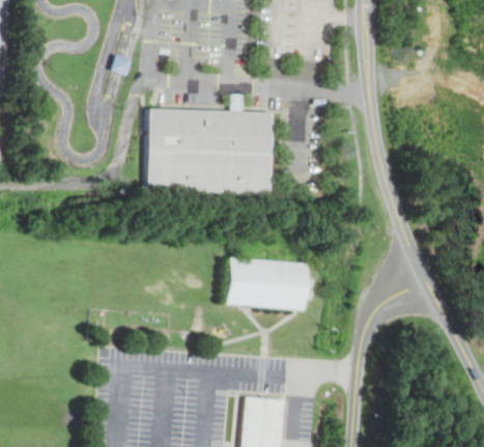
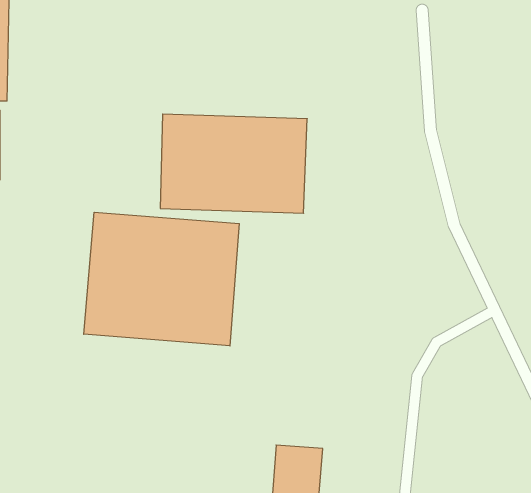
building: none -> [84,212,239,346]
building: [227,257,309,309] -> none

